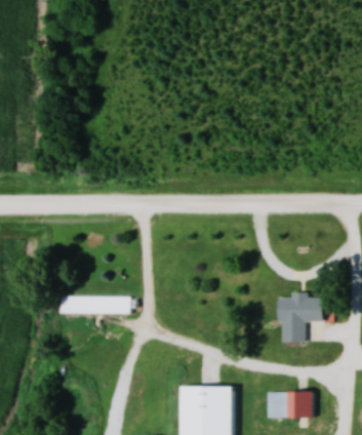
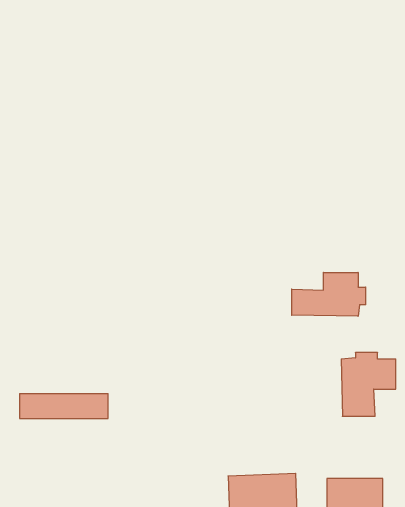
building: none -> [292,272,366,316]
building: [59,294,129,314] -> [20,394,108,418]

